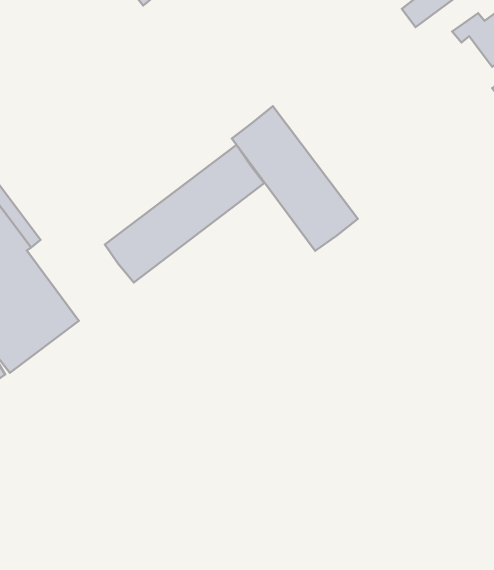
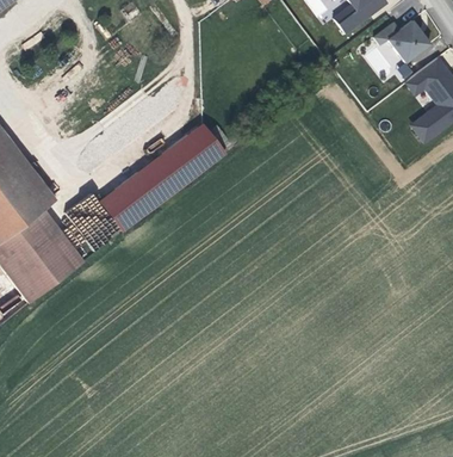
building: [232,106,358,251] -> none

